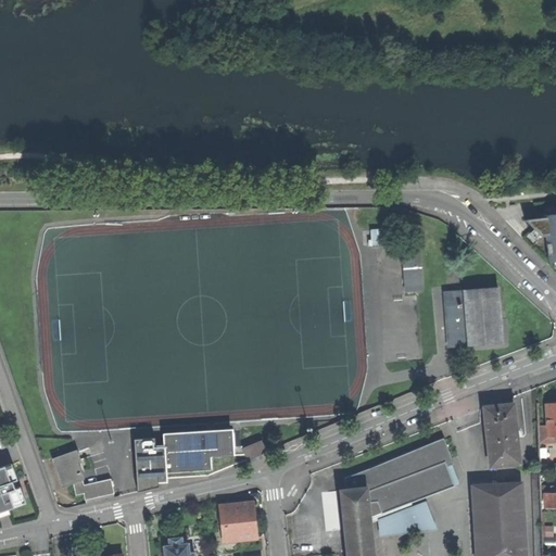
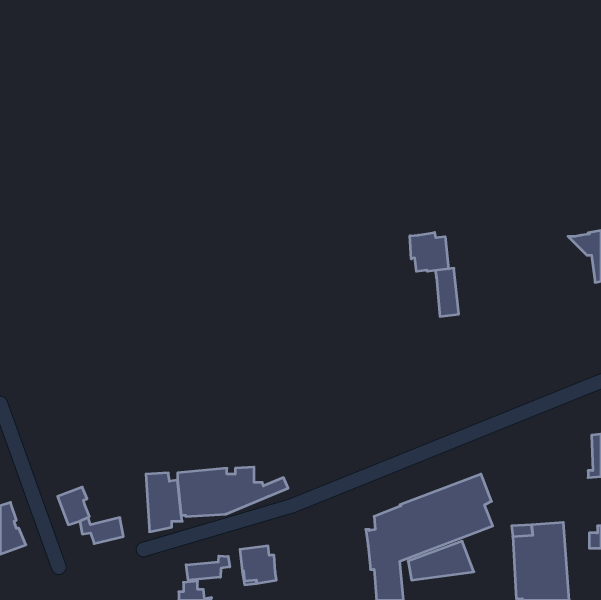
building: none -> [410,232,448,271]
building: [445,287,501,346] -> none
building: [484,403,519,465] -> none
building: none -> [186,556,230,580]

